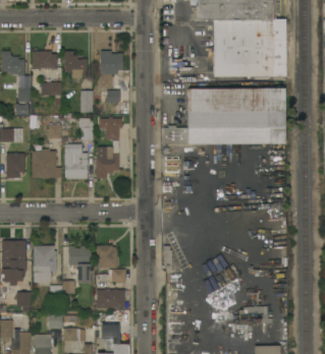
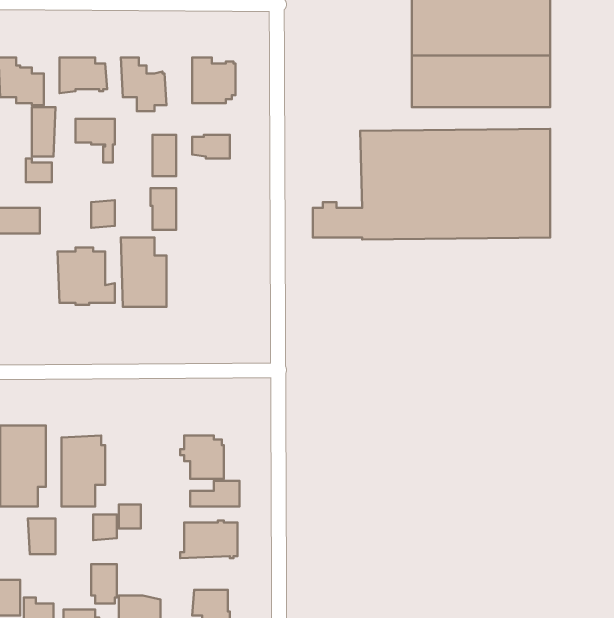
building: [99,116,123,139] -> none
building: [96,146,119,179] -> none
building: [6,153,24,180] -> none
building: [68,246,91,284] -> none

